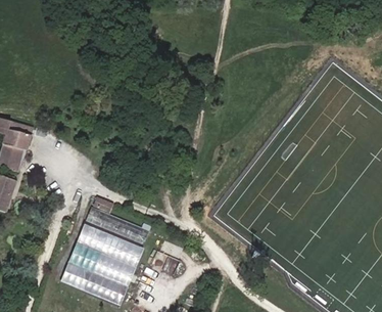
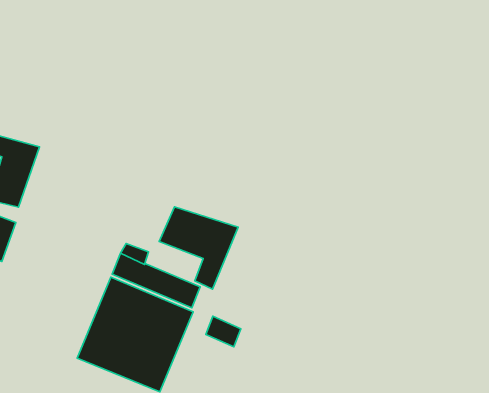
building: none -> [159,207,238,289]

